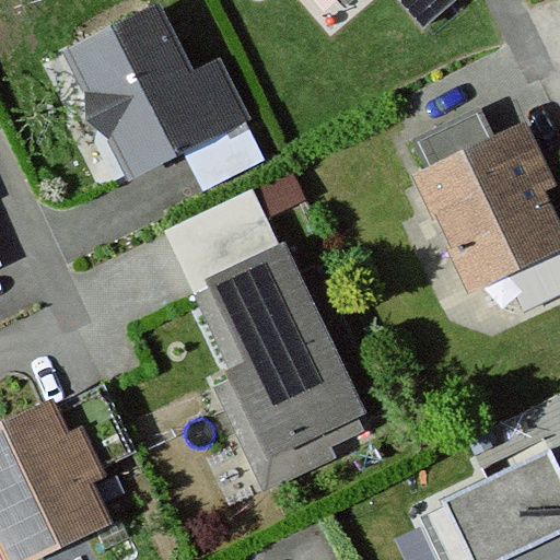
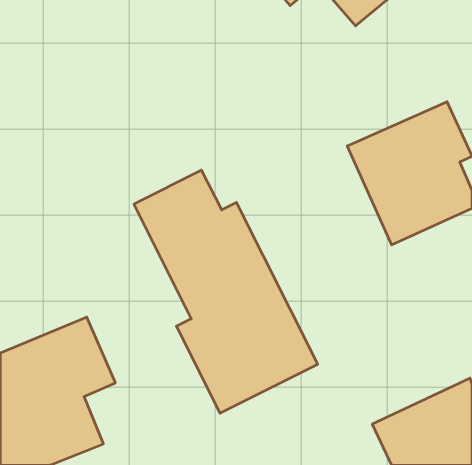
building: [66,7,270,195] -> none

